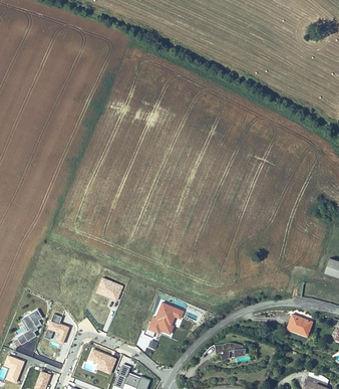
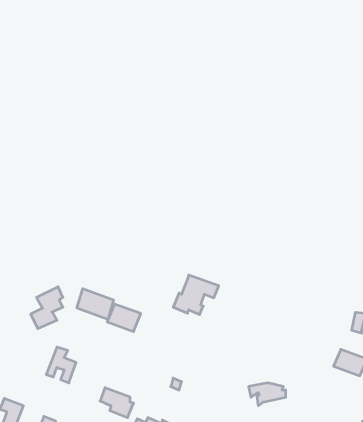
building: none -> [77,289,114,319]
building: [148,297,187,330] -> [173,275,219,315]
building: [15,308,42,343] -> [31,287,63,329]

